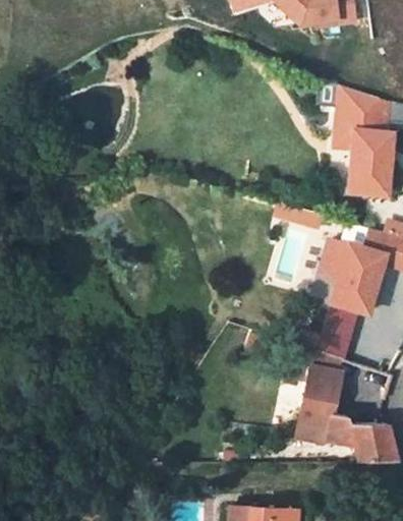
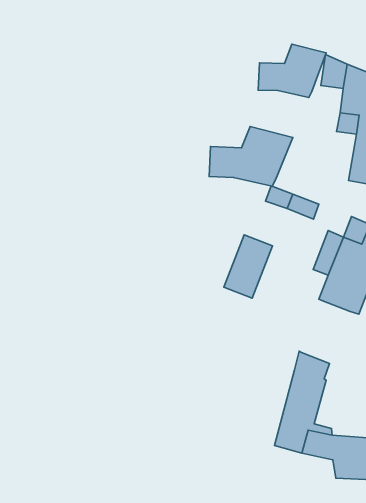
building: none -> [258,44,326,97]
building: none -> [209,127,293,186]
building: [316,302,358,359] -> [224,235,273,298]

